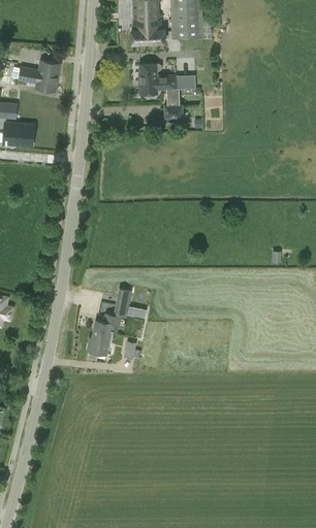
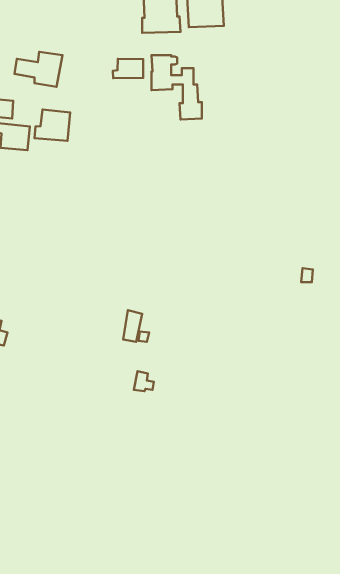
building: none -> [113,59,143,78]
building: none -> [35,109,70,141]
building: [87,314,119,360] -> none

